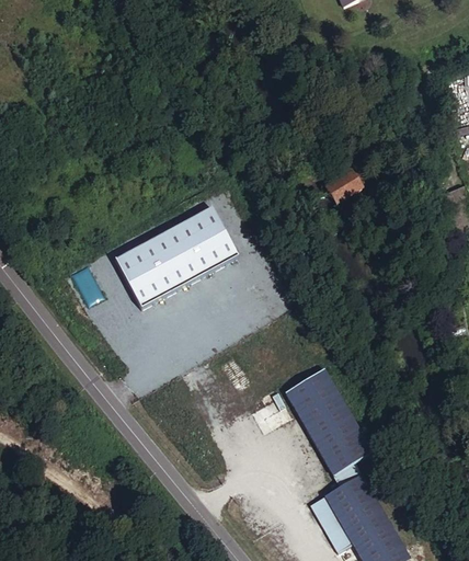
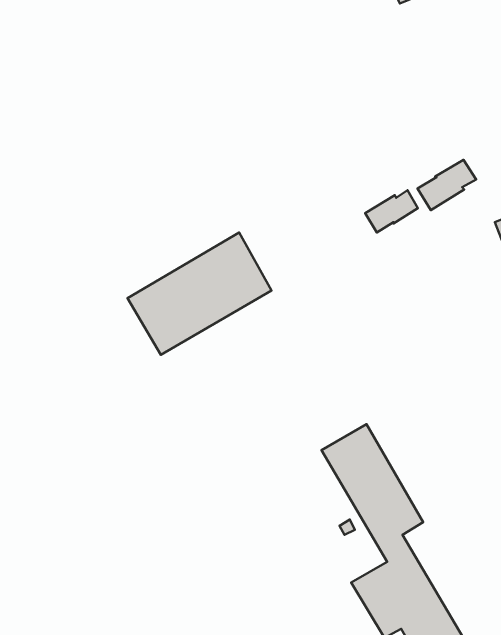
building: none -> [417,160,476,210]

